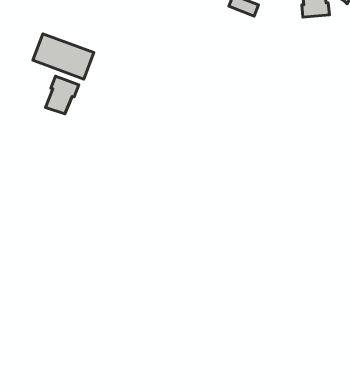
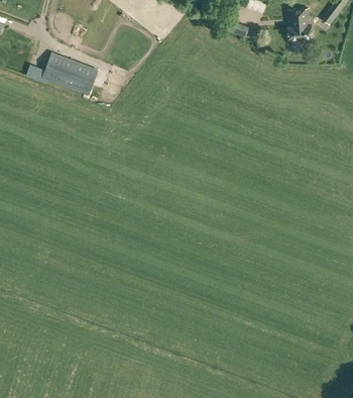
building: [45,76,79,114] -> none

